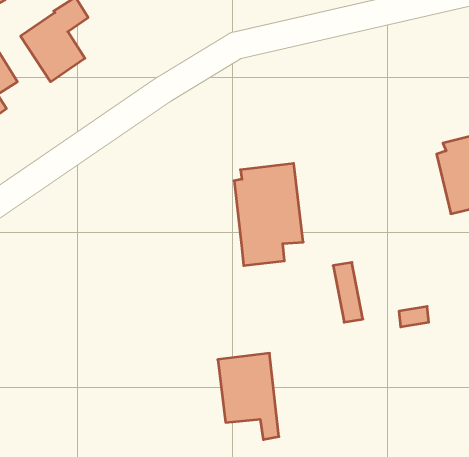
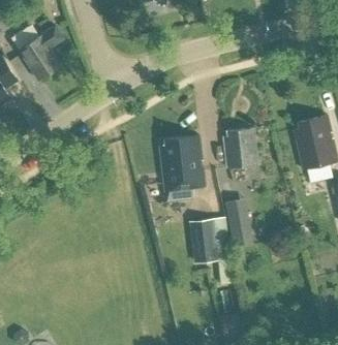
building: none -> [223,128,257,166]
building: [218,353,279,440] -> [189,218,229,275]

